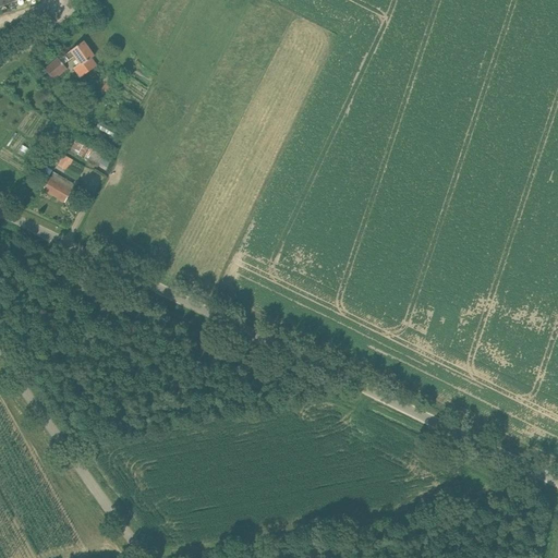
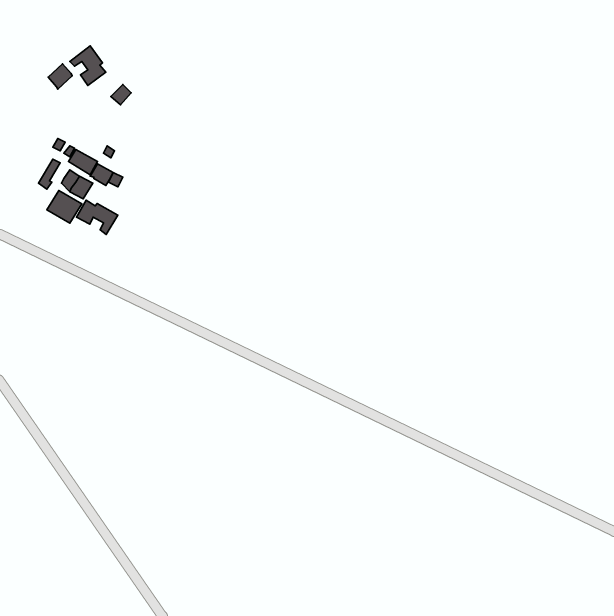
building: none -> [77,200,118,234]

